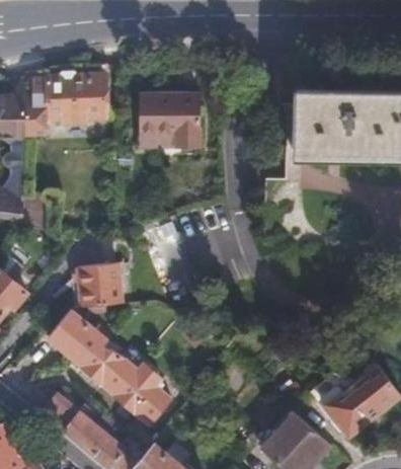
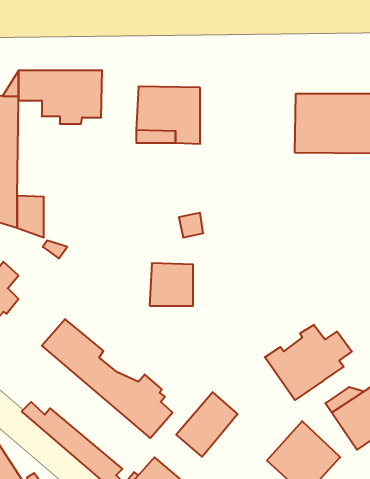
building: [70,262,111,303] -> [150,263,193,306]
building: none -> [265,325,352,400]
building: none -> [176,392,238,457]

